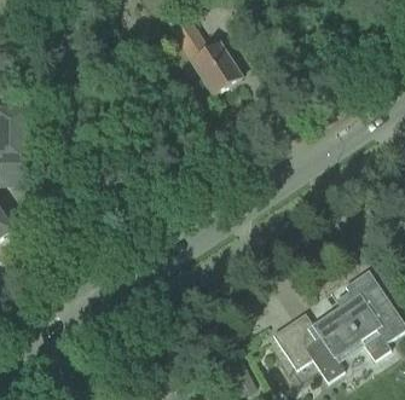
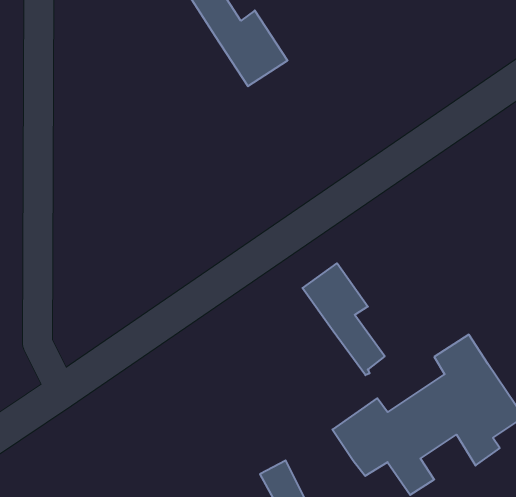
building: none -> [302,263,385,375]

